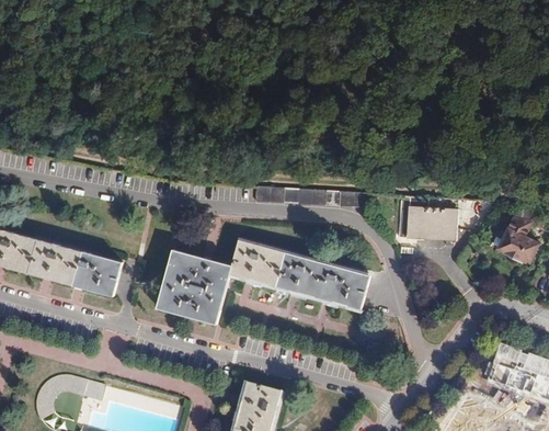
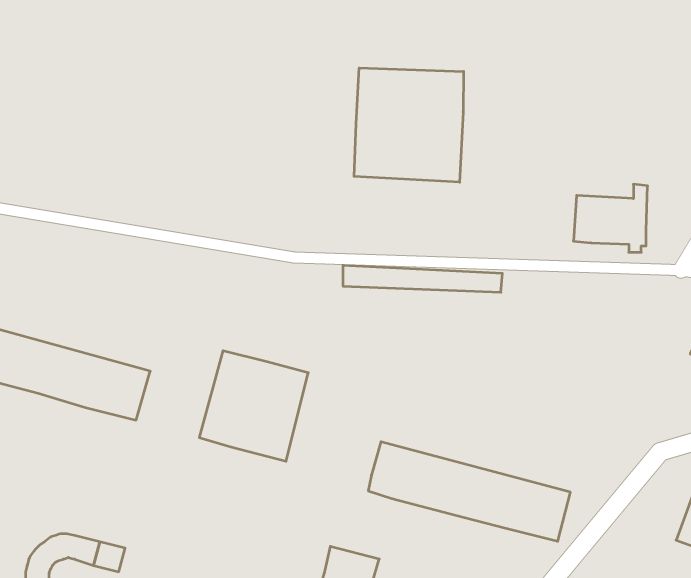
building: none -> [354,68,464,182]
building: [404,199,456,246] -> [573,184,648,252]
building: [229,240,369,309] -> [368,442,570,541]

